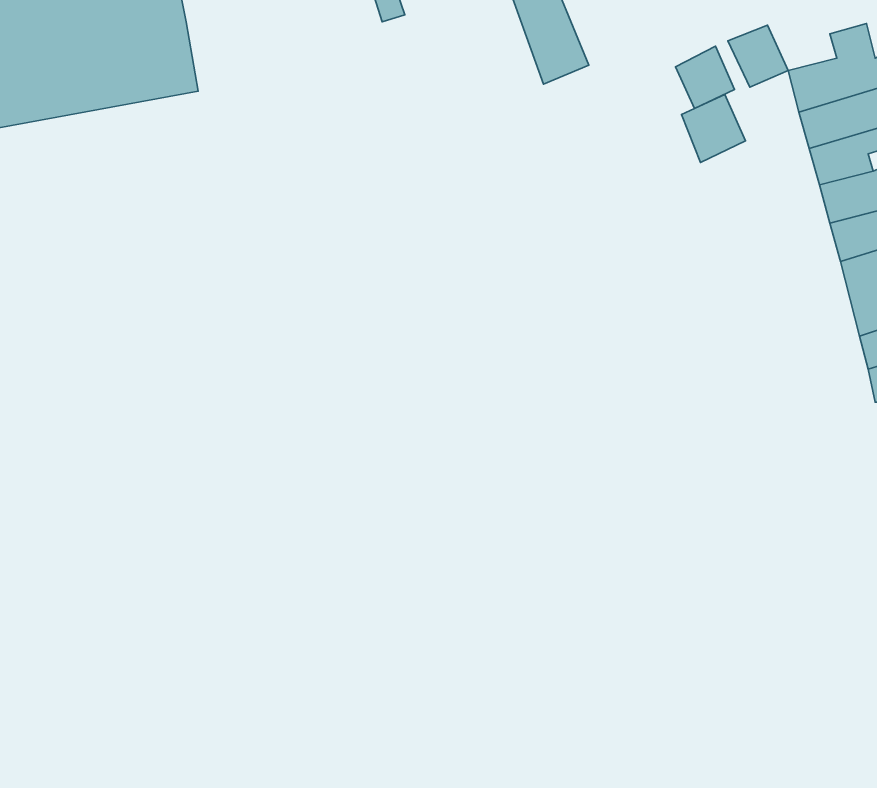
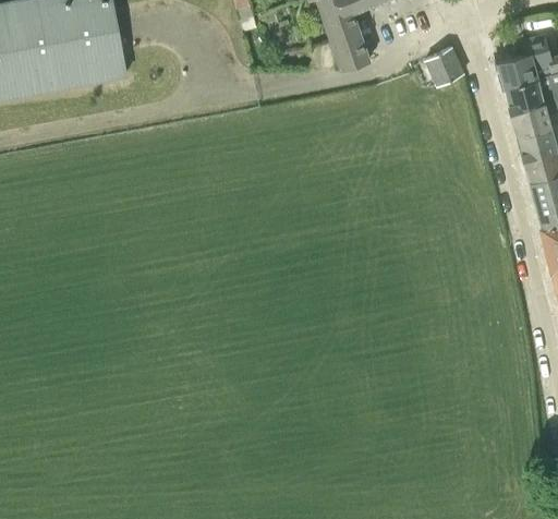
building: [728,25,788,87] -> none
building: [681,95,745,162] -> none

